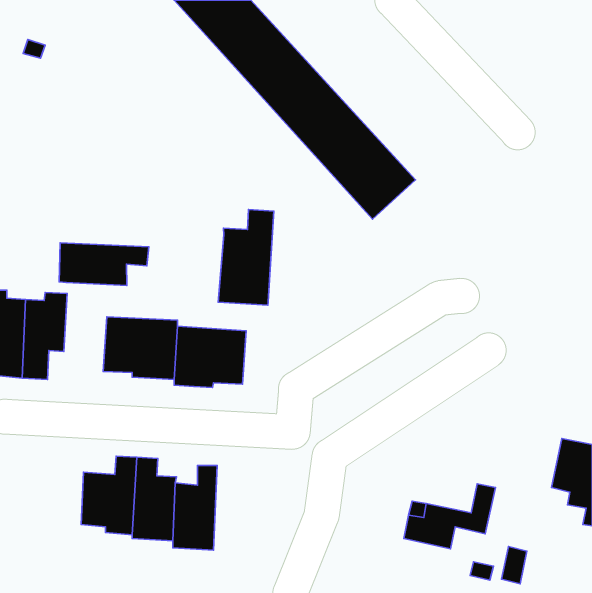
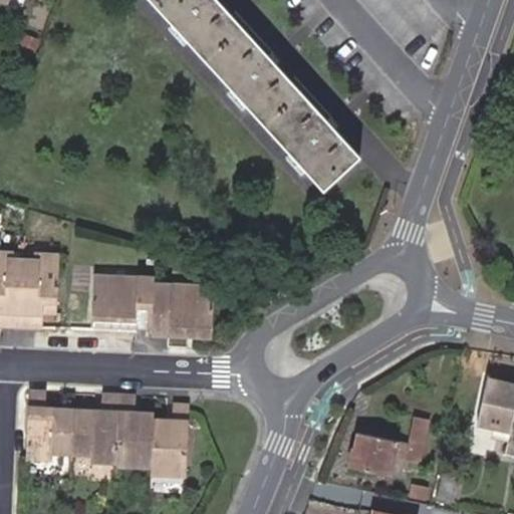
building: [218,209,274,305] -> none
building: [59,243,149,285] -> none
building: none -> [25,391,72,459]

